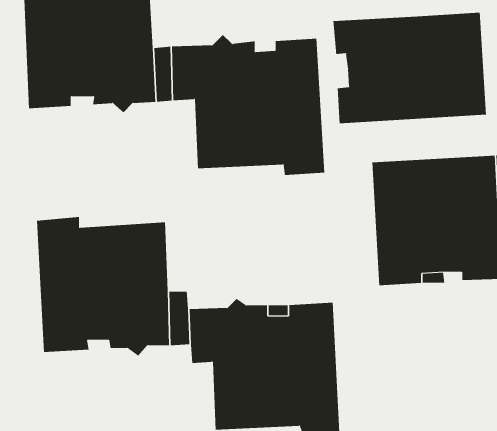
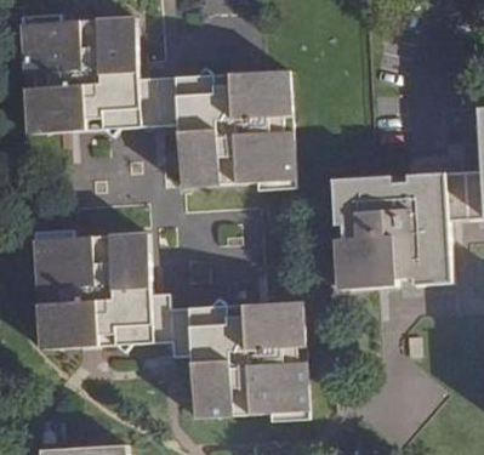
building: [333,12,486,124] -> none

